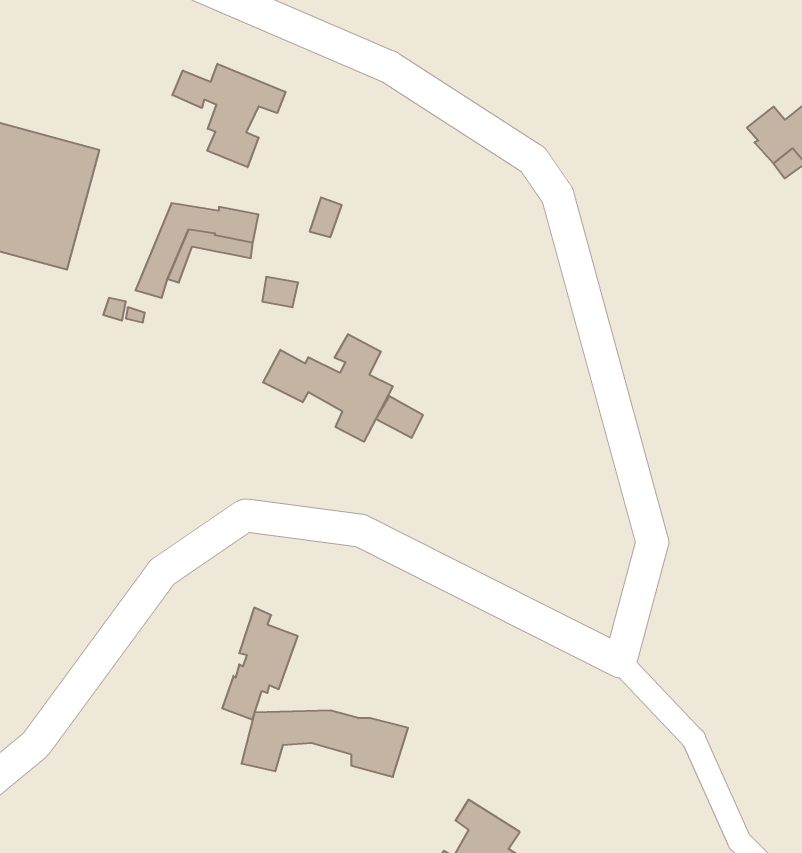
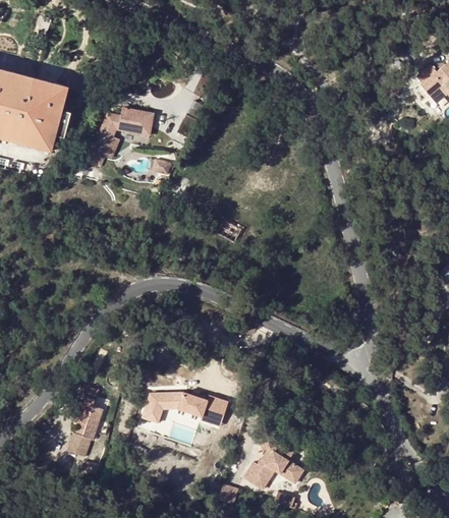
building: [172,64,286,167] -> none
building: [263,334,393,442] -> none
building: [222,608,298,719] -> [68,395,109,455]

